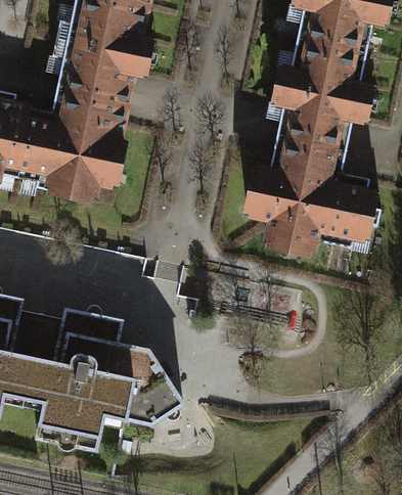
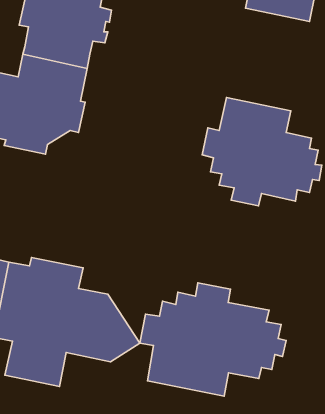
building: [272,39,372,150] -> none
building: none -> [140,283,286,396]

